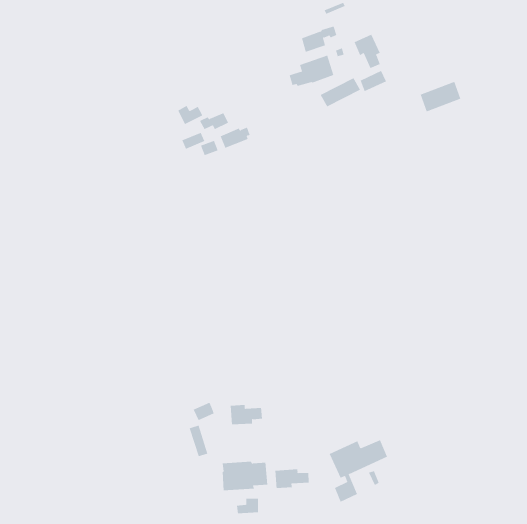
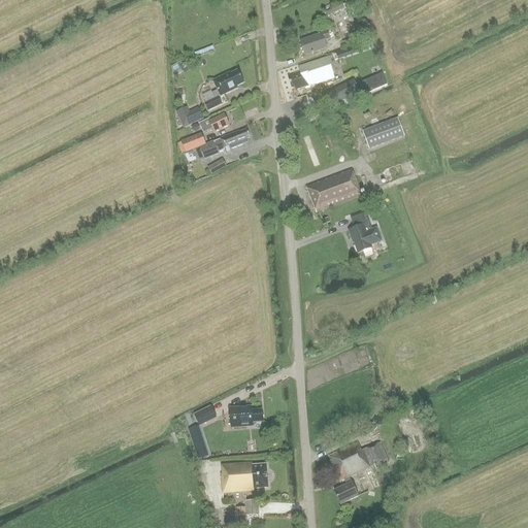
building: [354,34,381,69] -> none
building: none -> [205,68,244,108]
building: [420,81,461,112] -> [363,116,404,146]
building: none -> [306,167,362,210]
building: none -> [349,210,382,251]
building: [275,469,309,489] -> none

